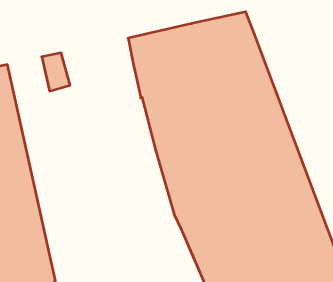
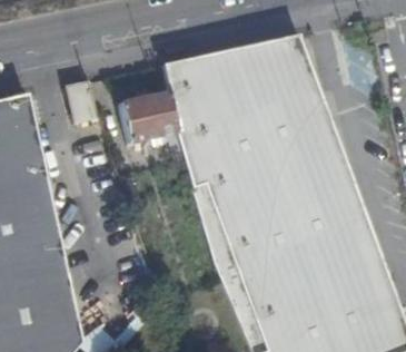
building: none -> [121,90,178,141]

